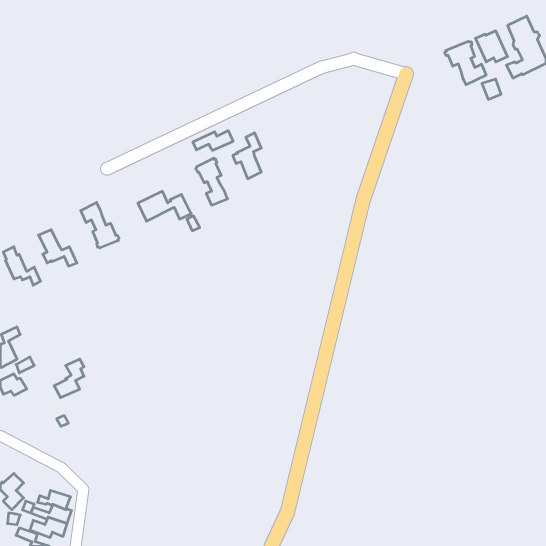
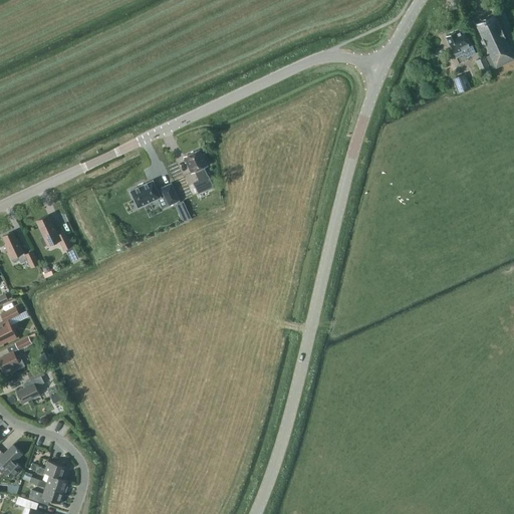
building: [445,41,486,85] -> none
building: [193,131,233,150] -> none
building: [233,133,261,179] -> none
building: [81,202,119,248] -> none
building: [54,359,84,398] -> [16,367,44,404]

